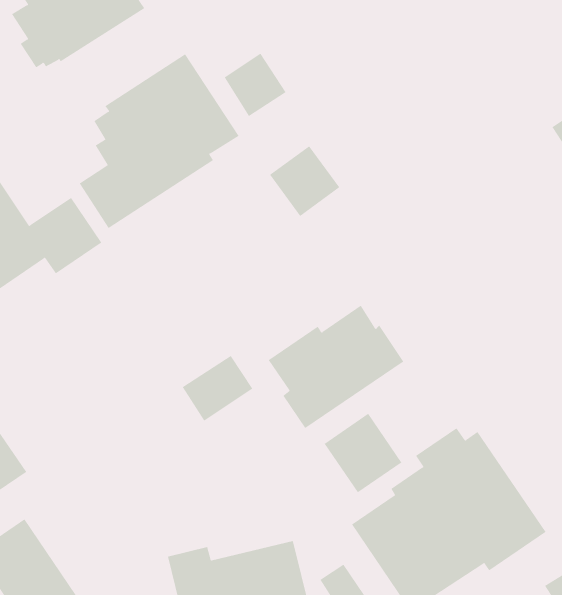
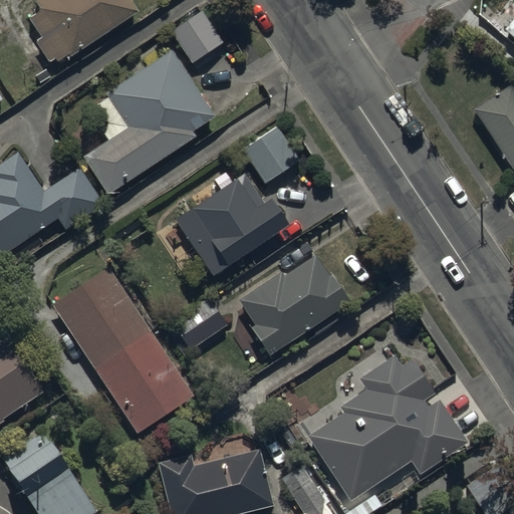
building: [224,53,287,117] -> [172,11,223,63]
building: none -> [176,173,290,277]
building: none -> [52,267,196,433]
building: [324,413,402,493] -> none

